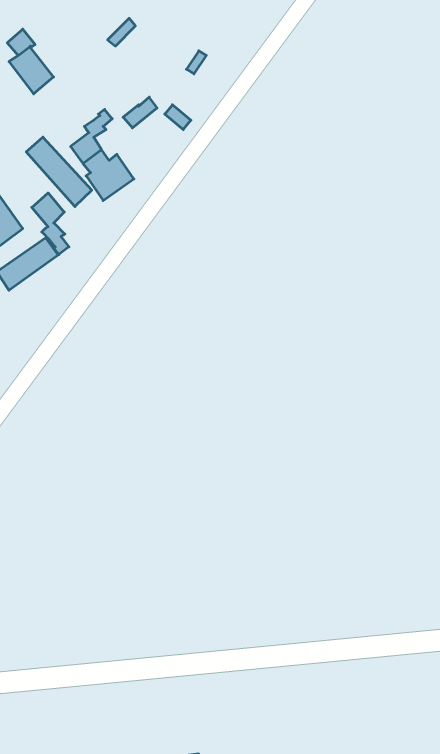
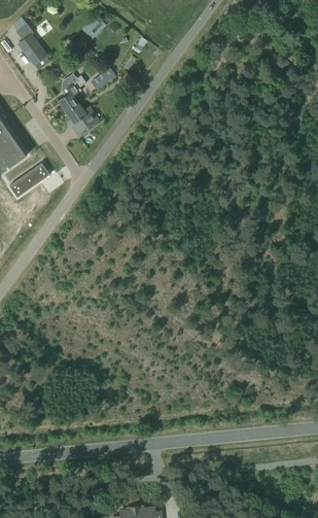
building: [26,137,92,207] -> none
building: [32,193,69,255] -> none

